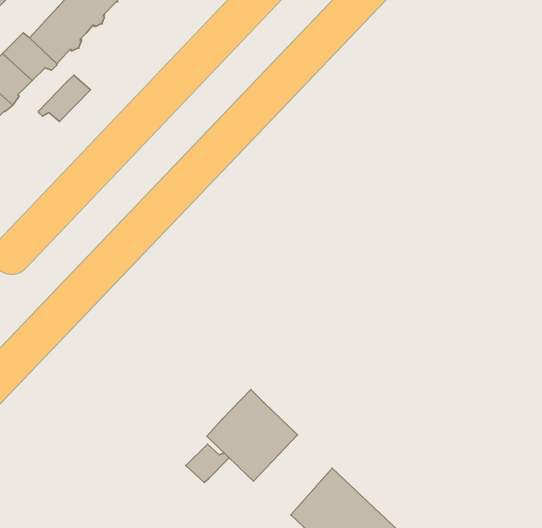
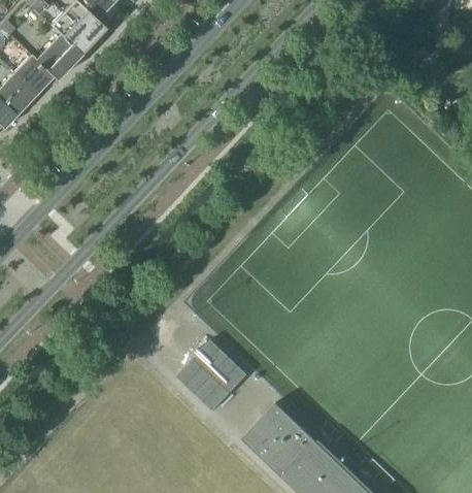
building: [38,75,90,122] -> none
building: [186,444,229,483] -> none

